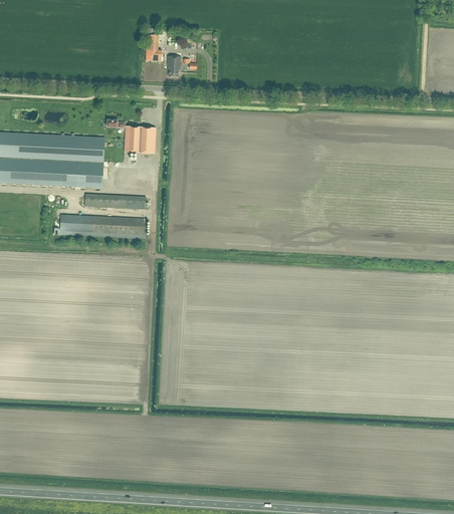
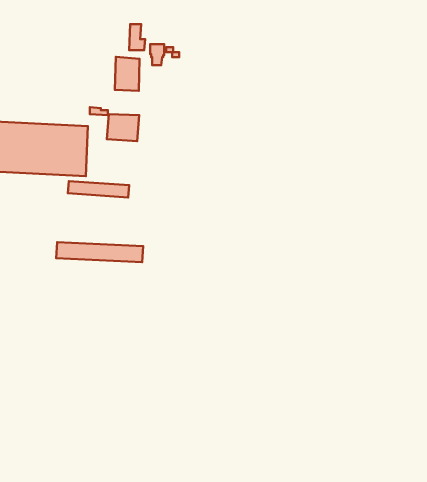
building: none -> [115,57,140,91]
building: [59,214,147,234] -> [56,242,143,262]

